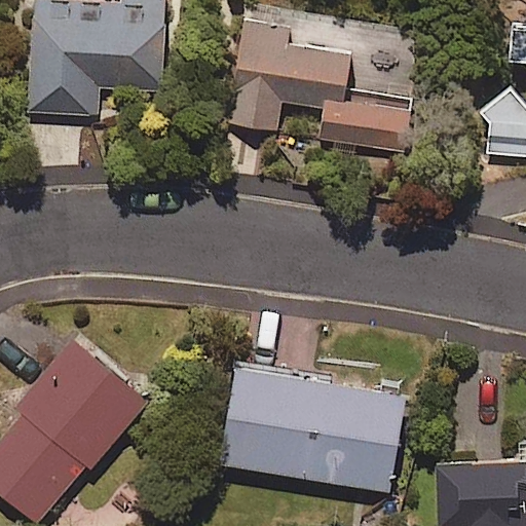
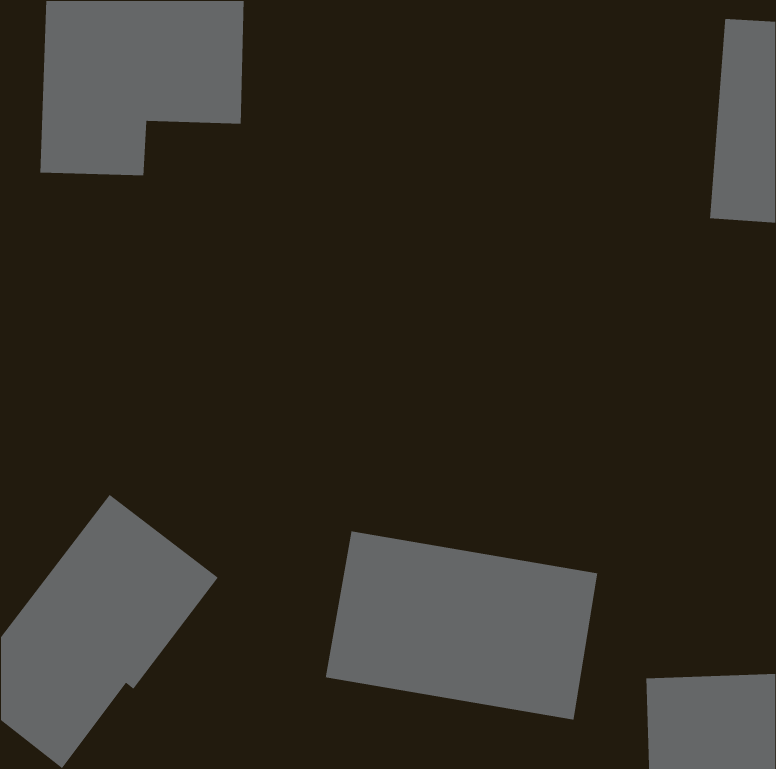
building: [232,11,411,150] -> none

